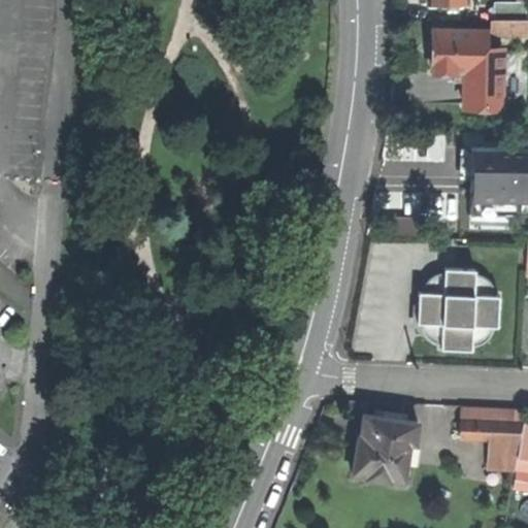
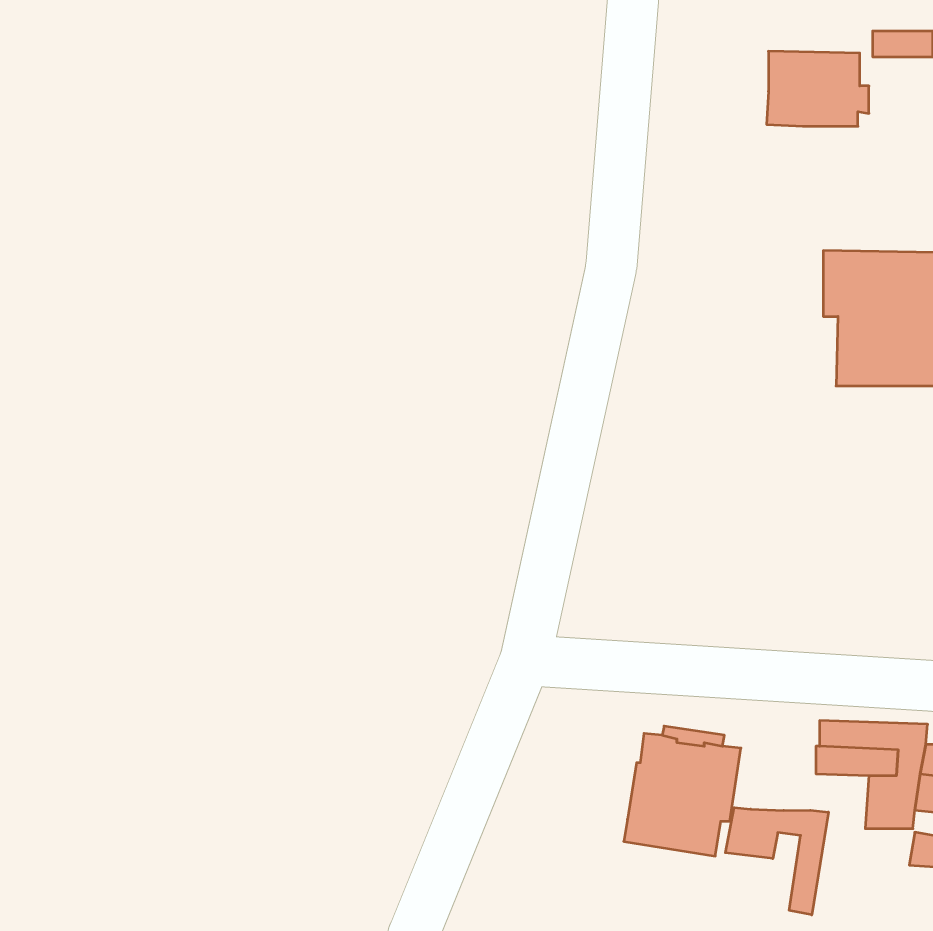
building: [454,51,502,109] -> none
building: [418,269,499,351] -> none
building: none -> [725,808,828,915]

